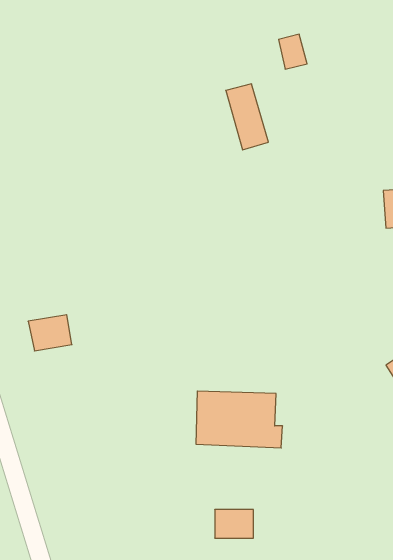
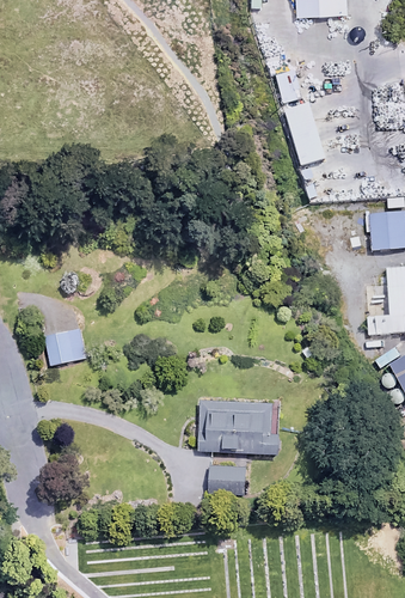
building: [226,84,268,150] -> [284,103,324,164]
building: [215,510,253,538] -> [207,465,243,492]

